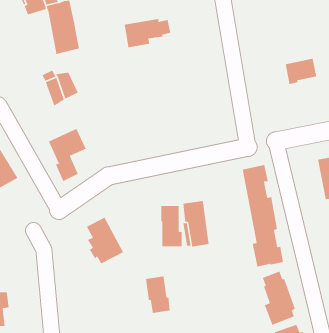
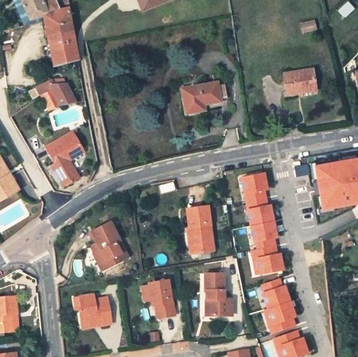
building: [124,18,171,48] -> [187,79,234,109]
building: [160,205,182,247] -> [203,275,225,317]
building: none -> [78,297,111,328]

